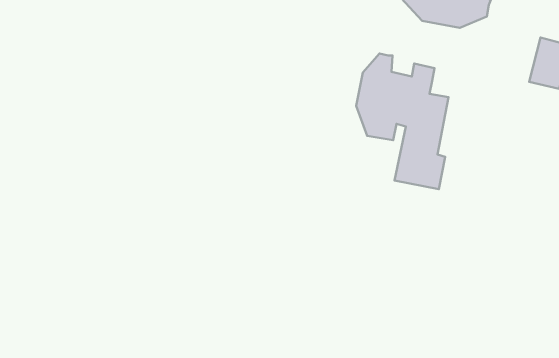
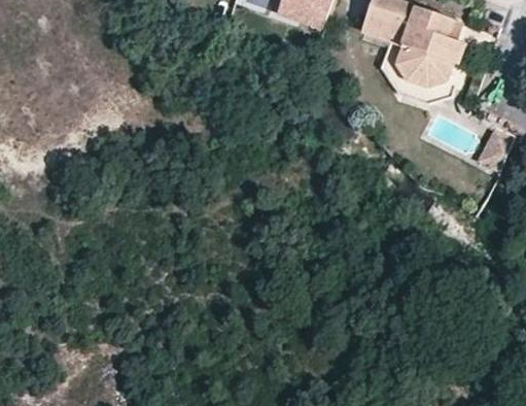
building: [356,53,448,189] -> none

